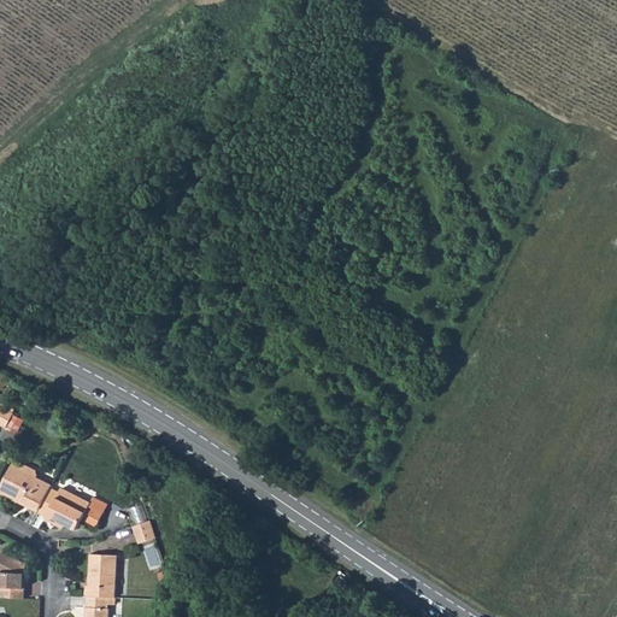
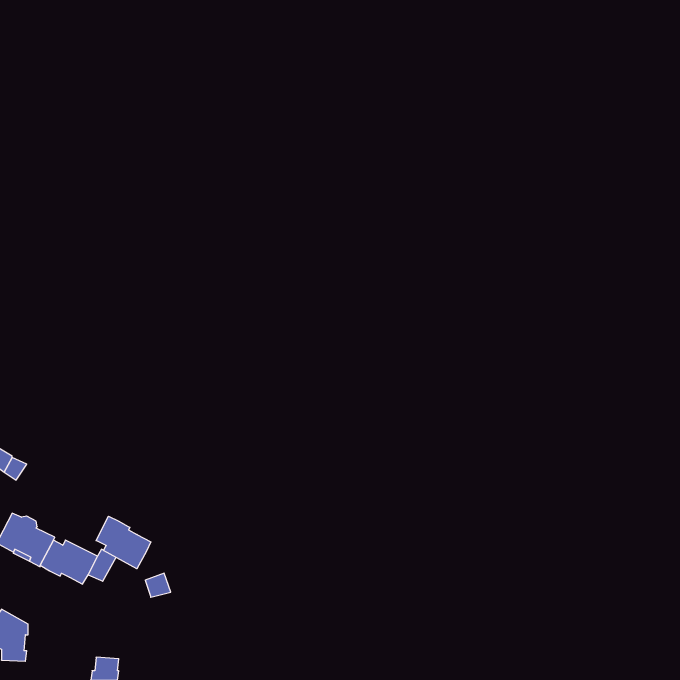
building: none -> [96,516,151,569]
building: [84,553,114,595] -> none

